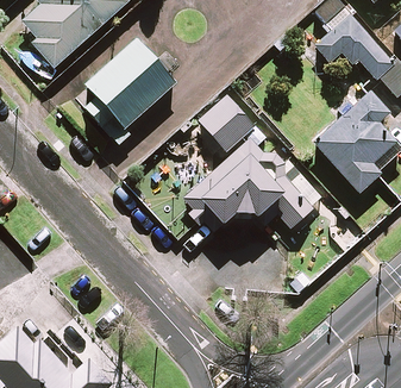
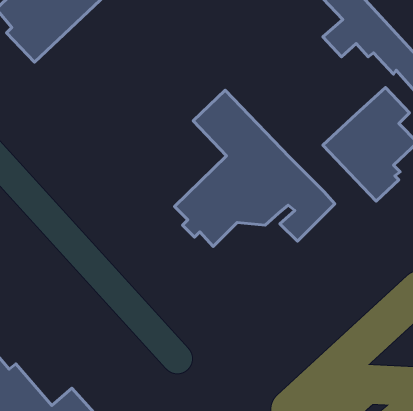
building: [82,38,177,146] -> none

